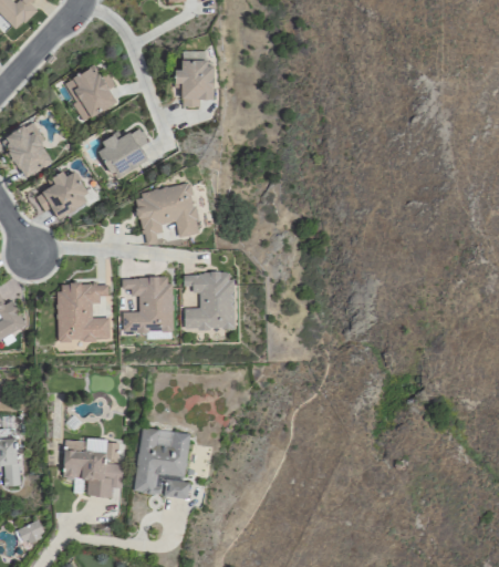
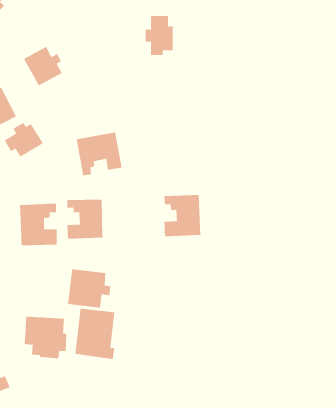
building: [175,51,215,106] -> [145,16,173,56]
building: [98,127,148,178] -> none
building: [184,271,236,330] -> [163,194,201,237]
building: none -> [67,269,111,309]

